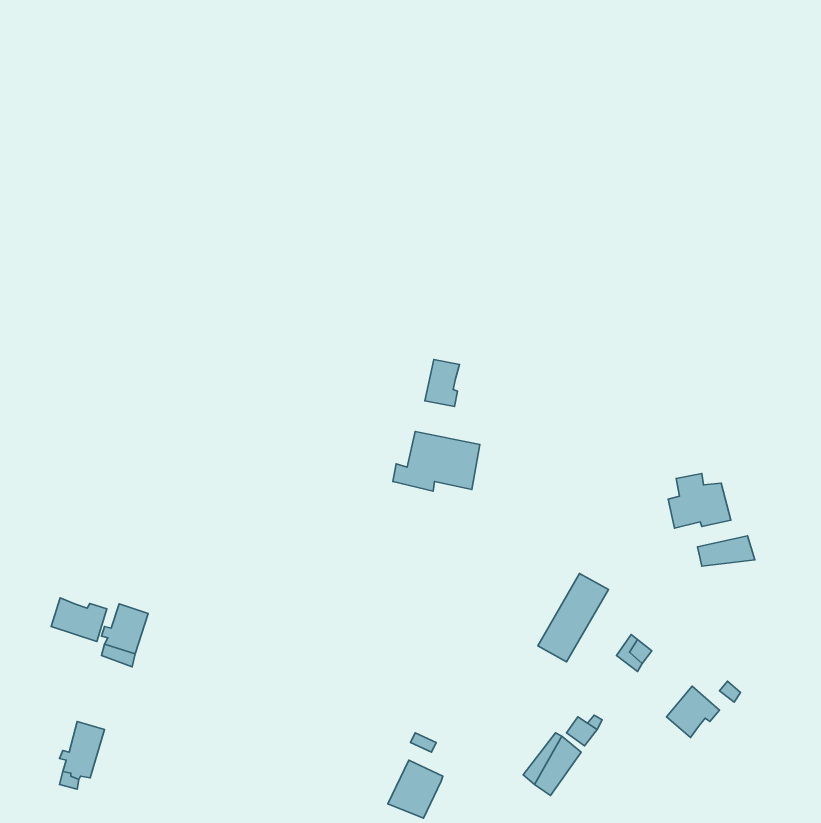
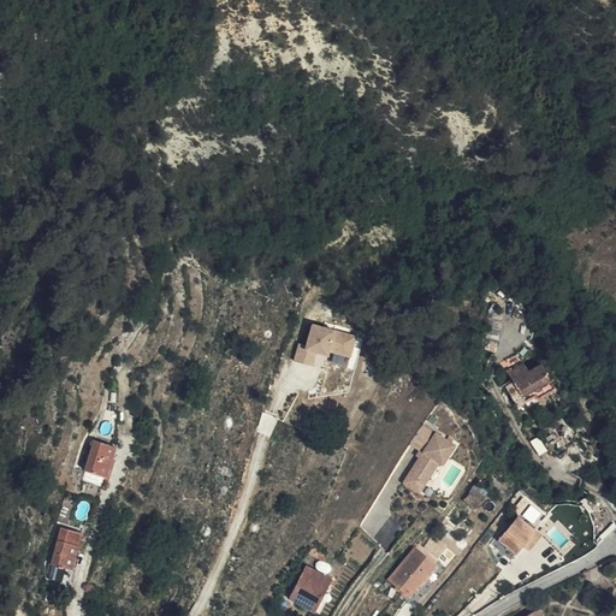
building: [425,359,459,406] -> none
building: [698,536,755,566] -> none
building: [51,598,107,642] -> none

